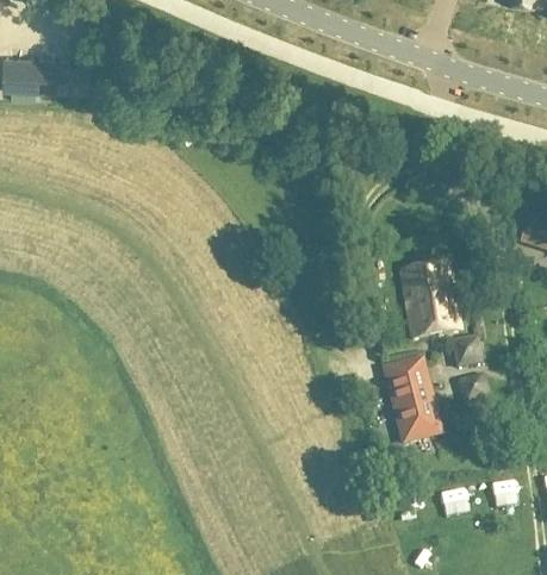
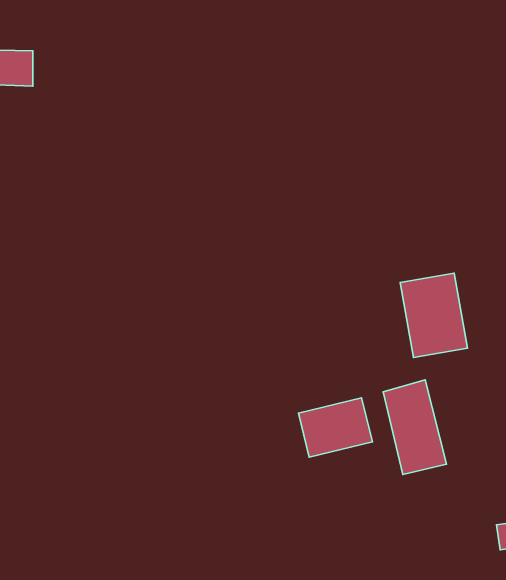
building: [449,338,477,367] -> none
building: none -> [298,398,372,457]

